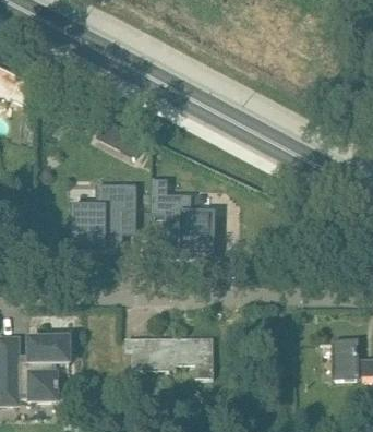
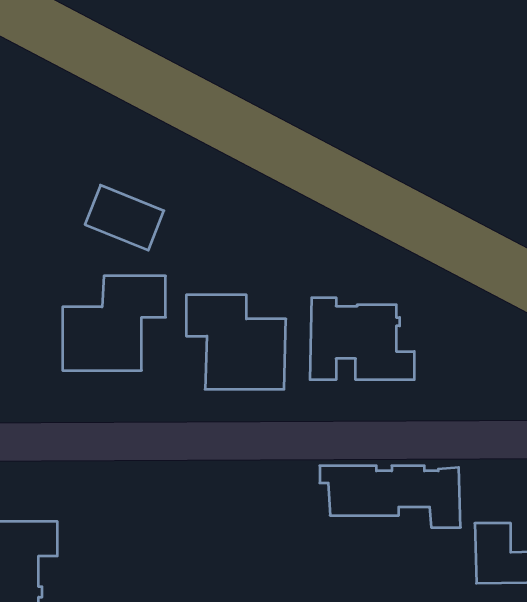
building: none -> [310,298,414,380]
building: [125,338,215,377] -> [320,466,461,527]

